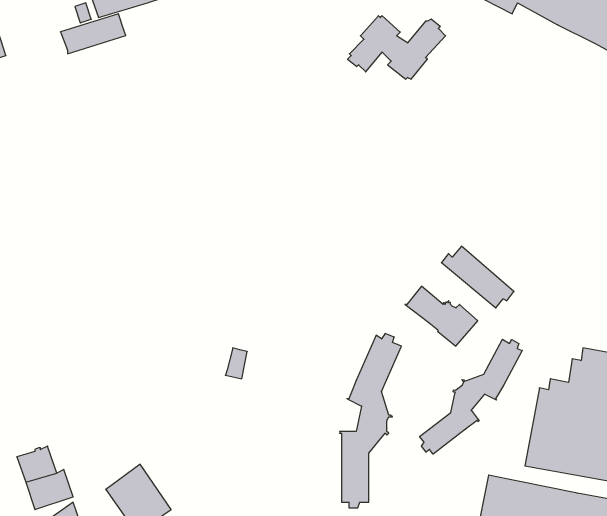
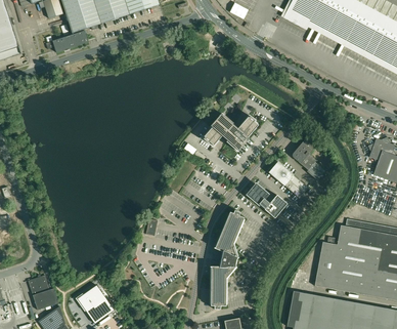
building: [348,16,446,79] -> [203,114,258,150]
building: none -> [293,136,324,179]
building: [420,339,522,454] -> none

